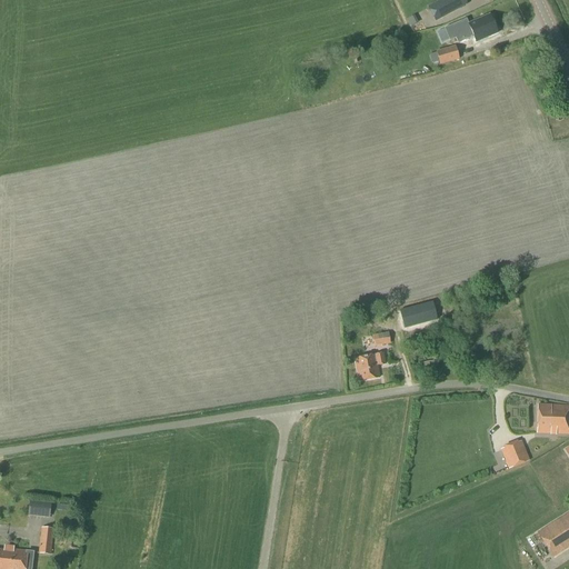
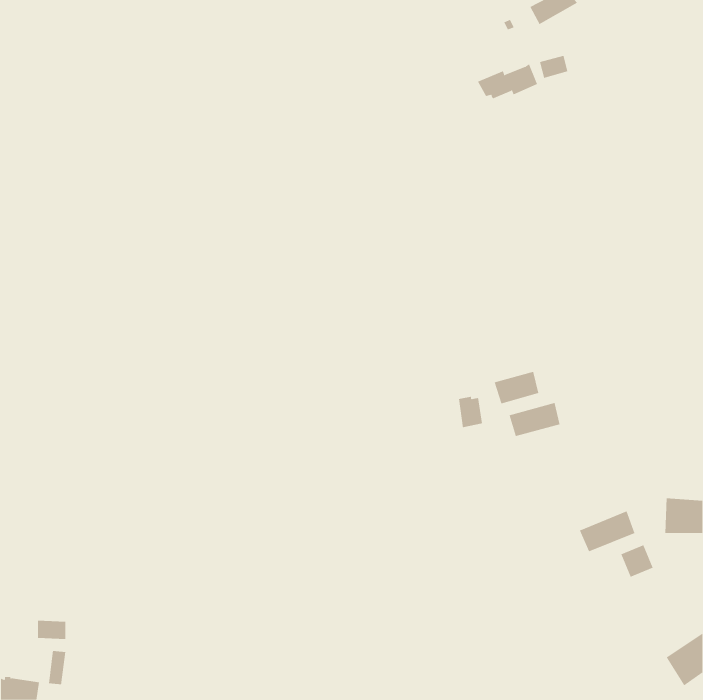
building: [446,13,495,42] -> [477,64,538,99]
building: none -> [509,402,560,437]
building: [355,351,386,378] -> none
building: none -> [579,510,635,552]

